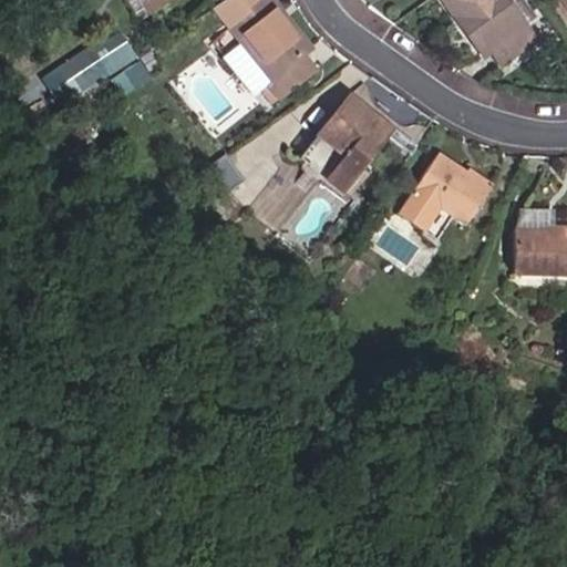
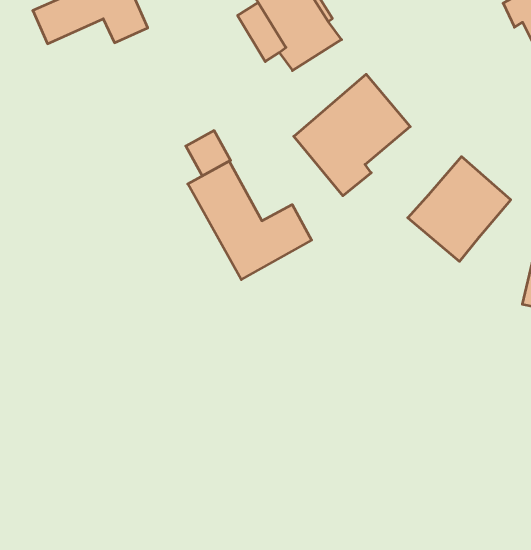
building: none -> [188,161,312,280]

